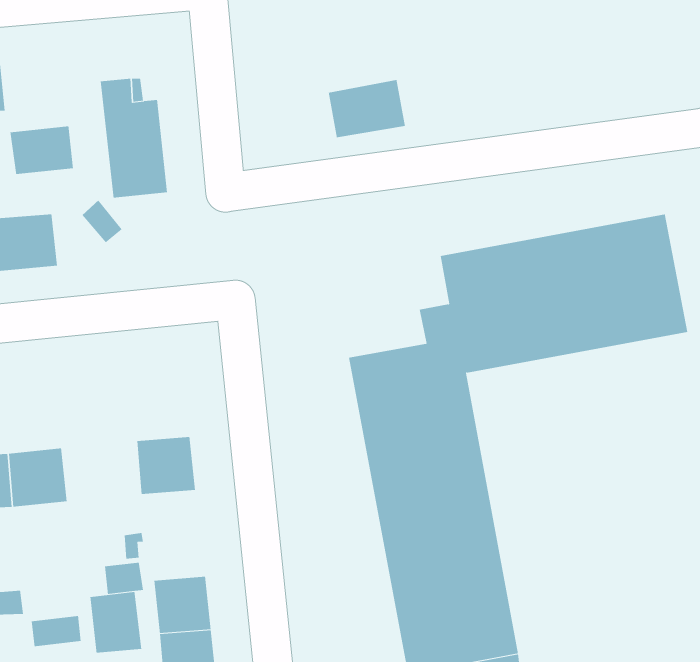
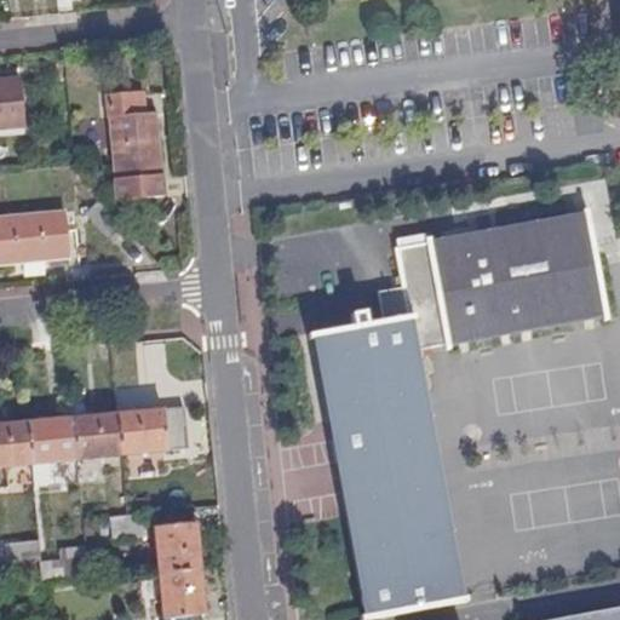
building: [328,79,406,138] -> none
building: [10,125,73,175] -> none
building: none -> [70,407,138,459]
building: [90,591,142,653] -> none

